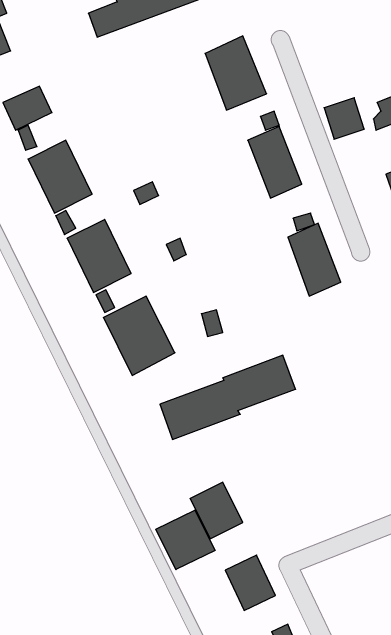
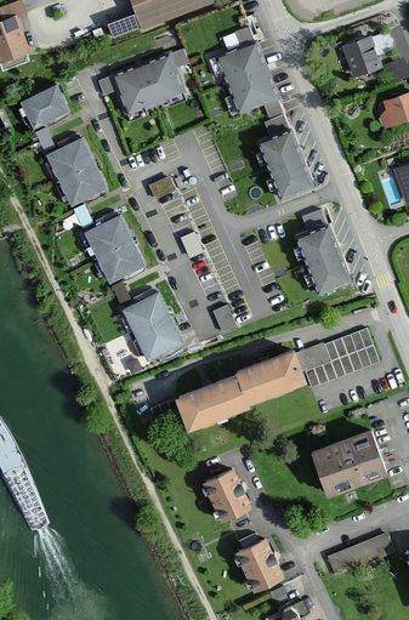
building: none -> [112,53,181,112]
building: [324,98,364,139] -> [342,38,381,78]
building: none -> [299,330,377,388]
building: none -> [308,427,385,493]
building: [156,510,215,570] -> none
building: none -> [326,534,390,576]

